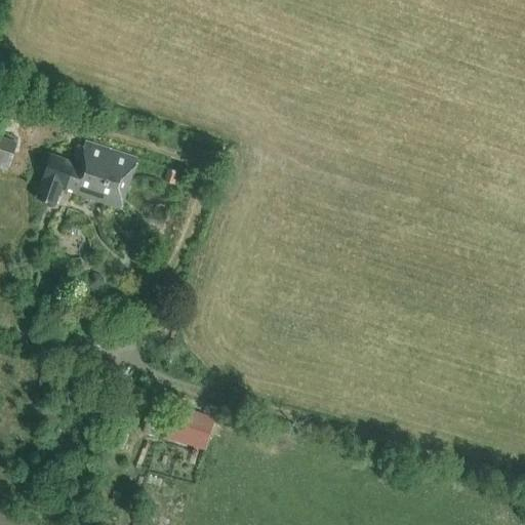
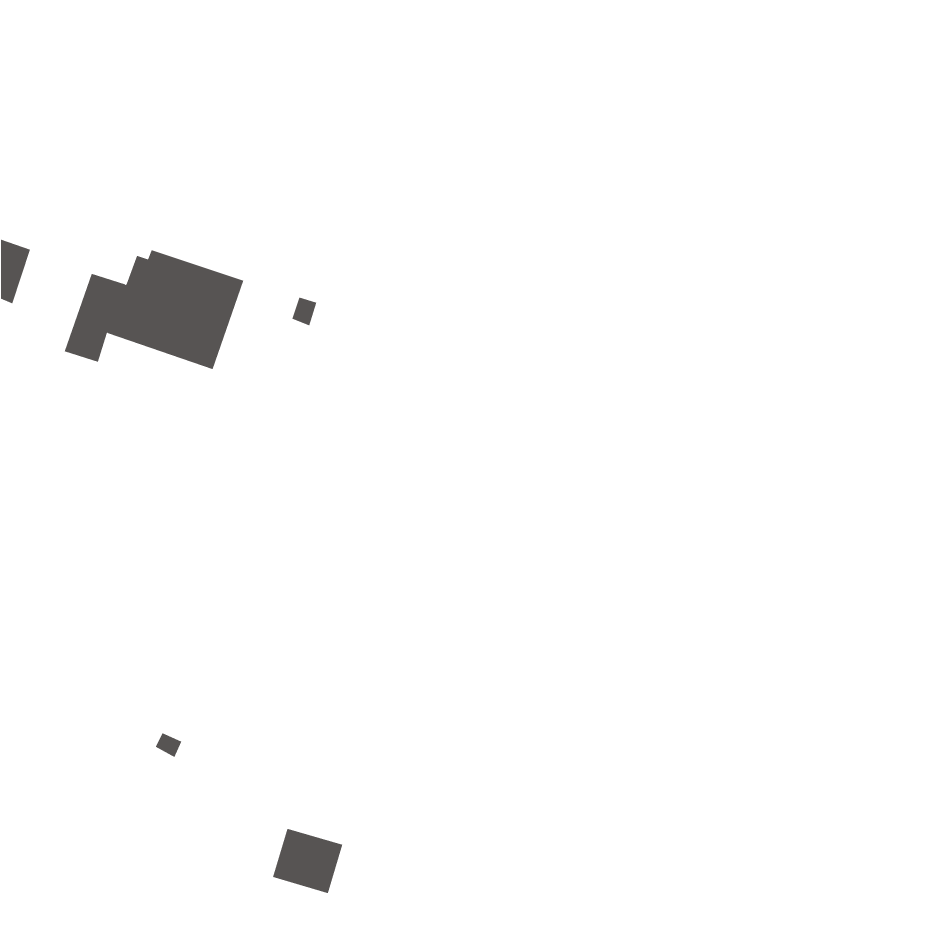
building: [172,406,212,443] -> [272,828,343,894]

